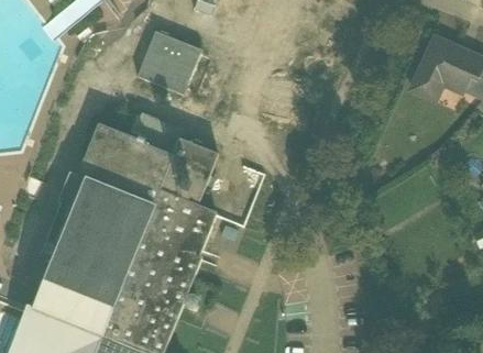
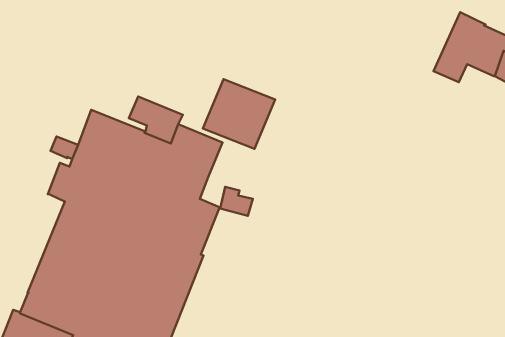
building: [135,32,201,96] -> [203,79,275,149]

